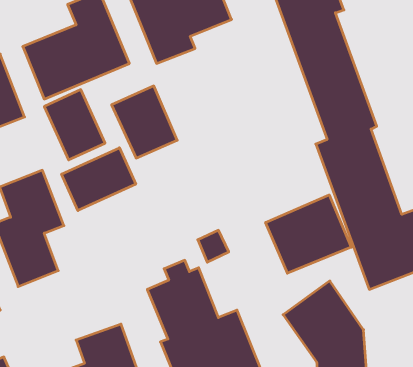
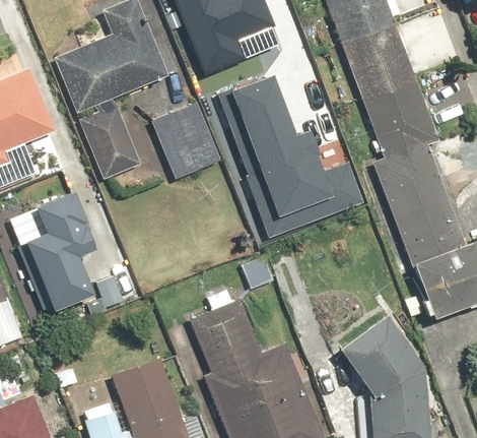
building: none -> [224,79,358,234]
building: [62,148,136,211] -> none
building: [266,195,351,273] -> none

